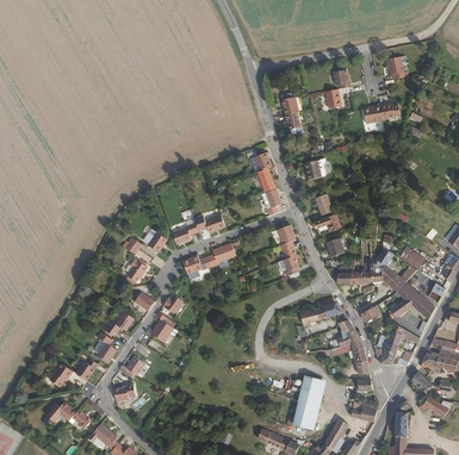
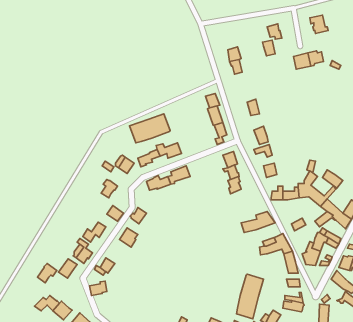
building: none -> [130,114,170,143]

